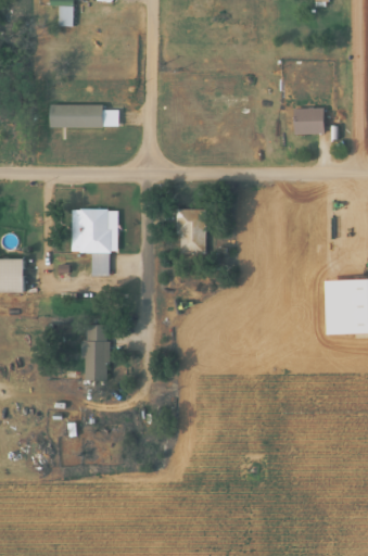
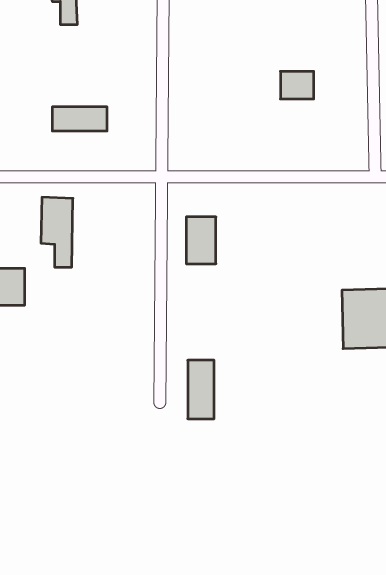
building: [293,109,325,135] -> [280,71,314,99]
building: [79,210,110,276] -> [41,197,73,267]
building: [84,325,109,380] -> [188,360,214,419]

